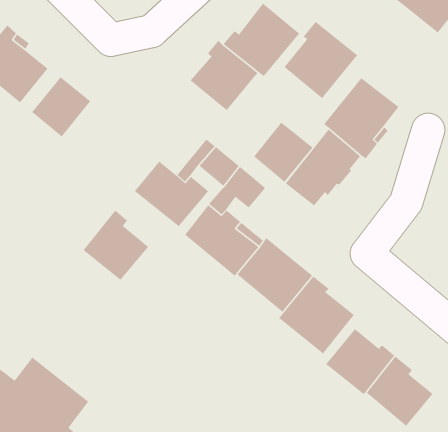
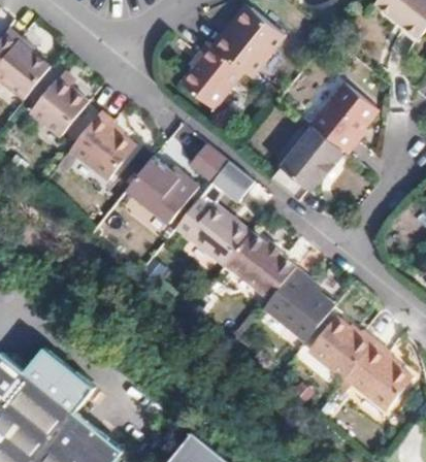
building: [283,21,358,99] -> none
building: [253,122,313,183] -> none
building: [82,210,149,281] -> [70,111,133,178]

